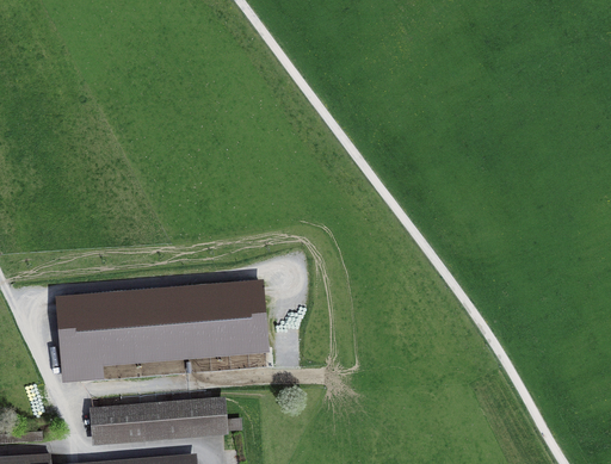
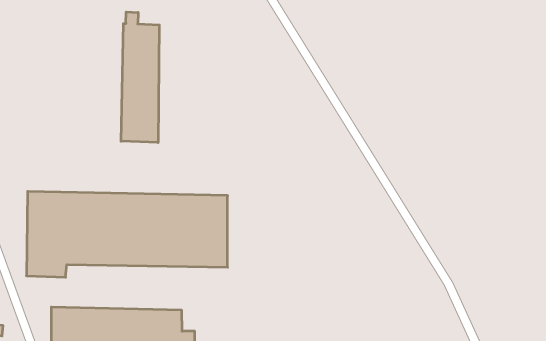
building: none -> [121,12,159,143]

